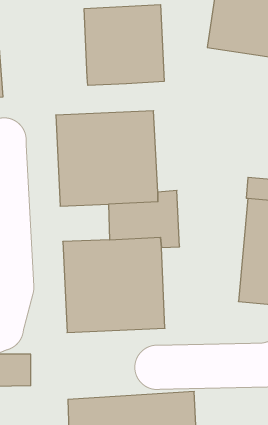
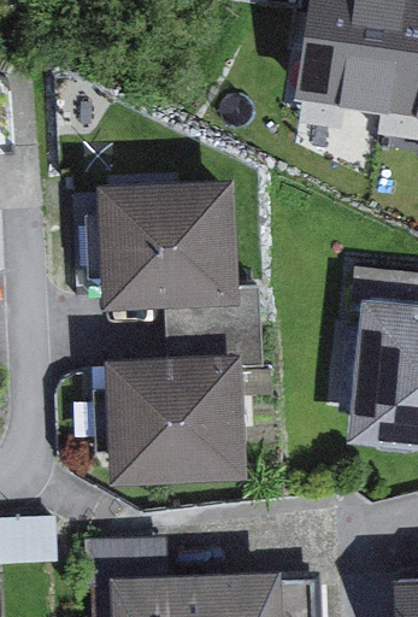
building: [84,5,164,85] -> none

